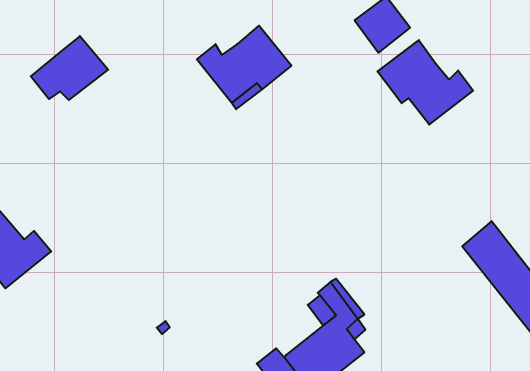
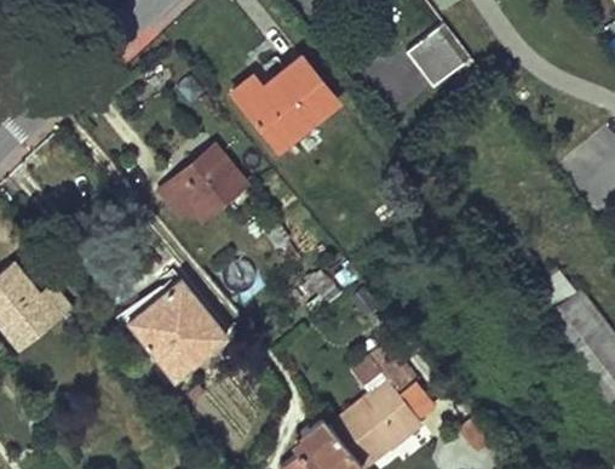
building: [31,36,108,100] -> [160,147,246,218]
building: [377,40,473,125] -> none
building: none -> [130,280,226,379]

